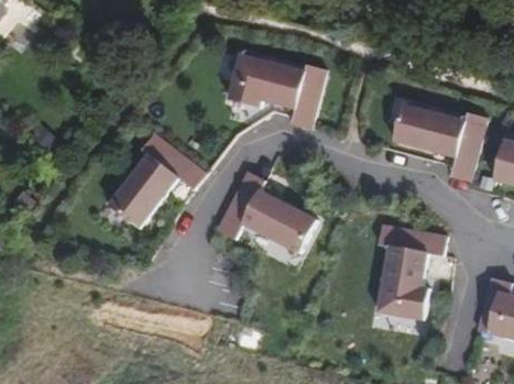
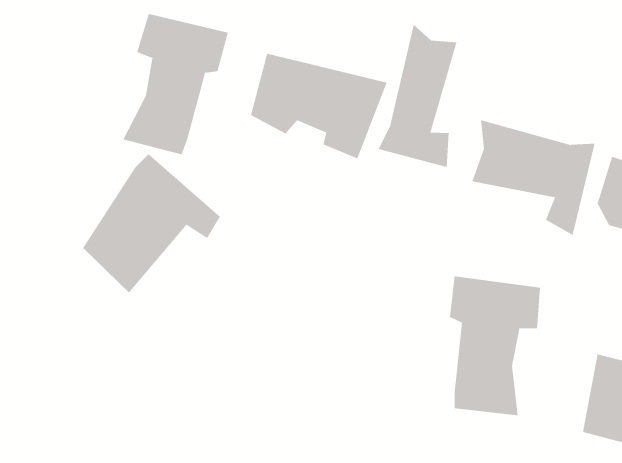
building: none -> [123,13,229,155]
building: none -> [378,24,457,168]
building: [218,164,317,257] -> none

